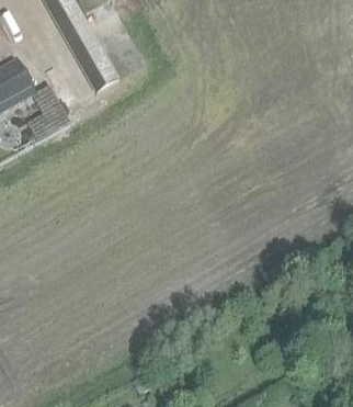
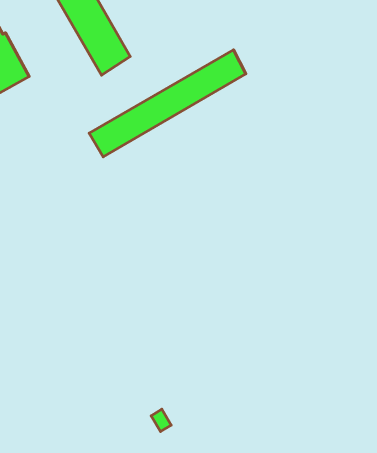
building: none -> [89,50,246,157]

